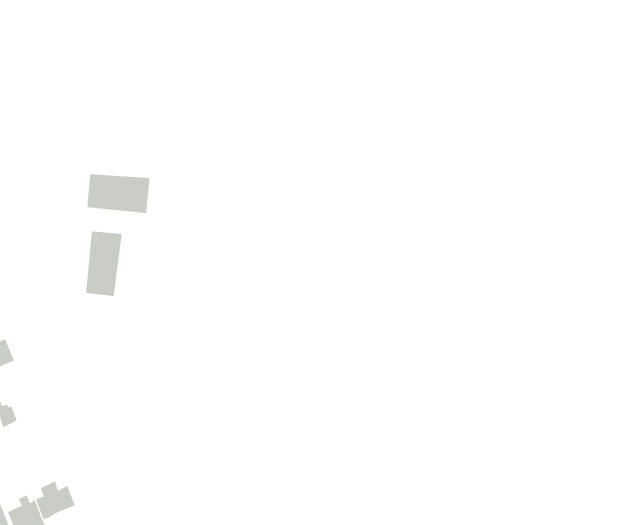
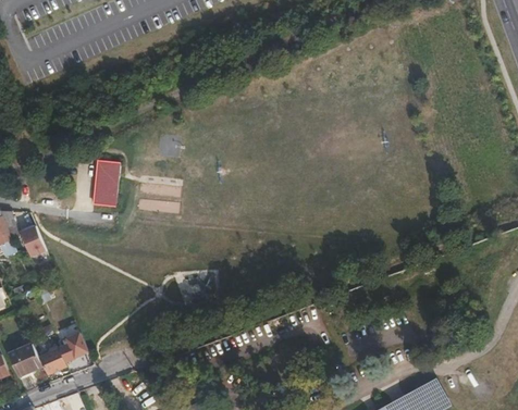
building: [87,173,150,214] -> none

